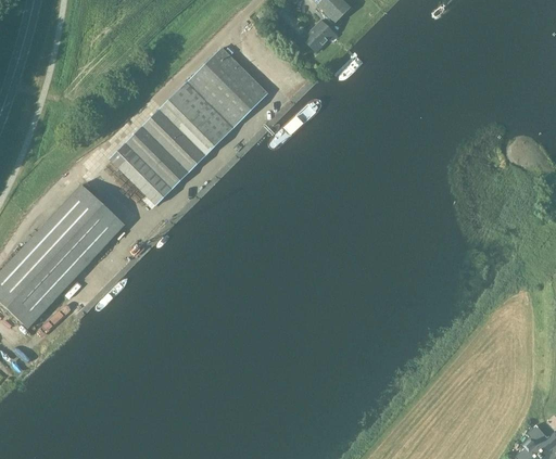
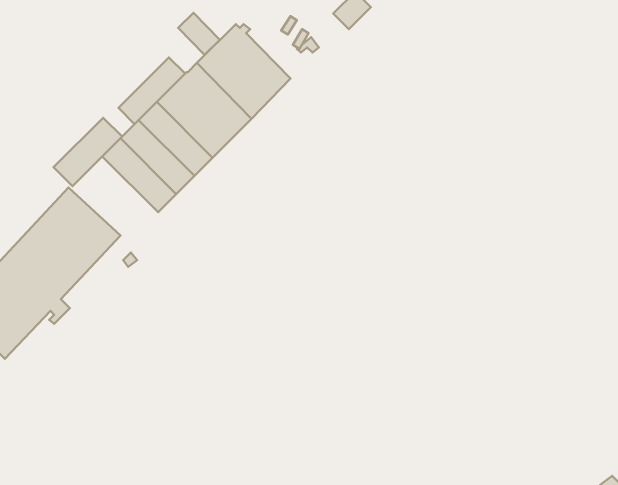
building: none -> [178,13,220,55]
building: none -> [118,57,185,124]
building: none -> [54,118,122,186]

